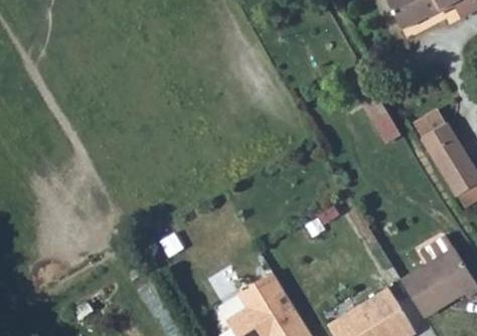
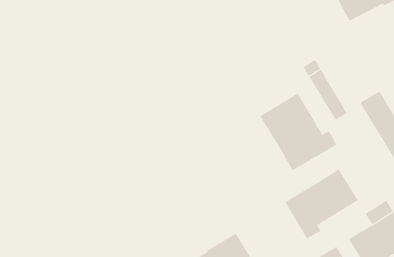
building: none -> [259,93,337,171]
building: none -> [285,168,359,239]

